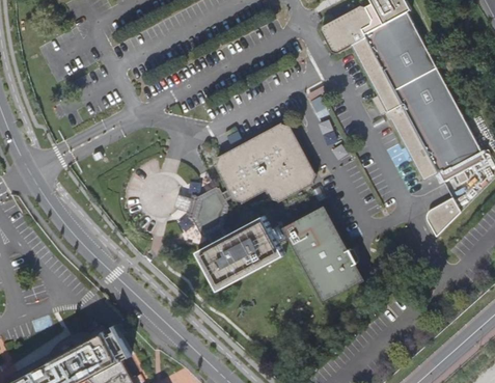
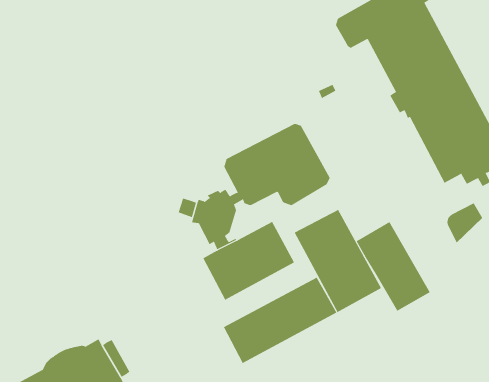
building: none -> [356,221,430,312]
building: none -> [223,277,337,364]

